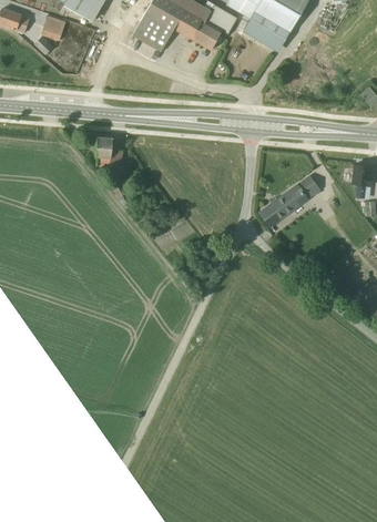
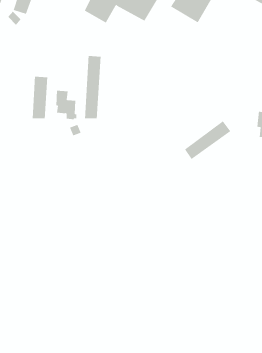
building: none -> [85,55,101,119]
building: none -> [32,76,48,119]

